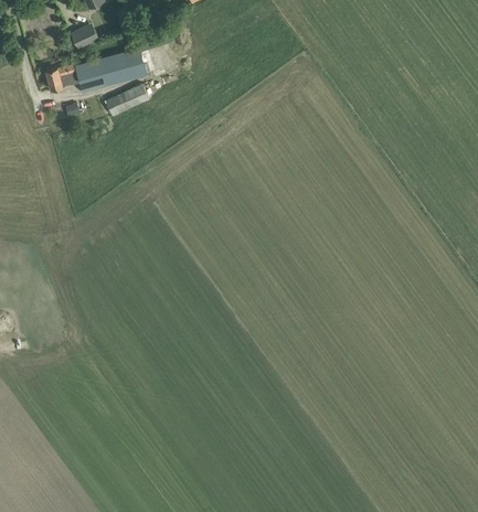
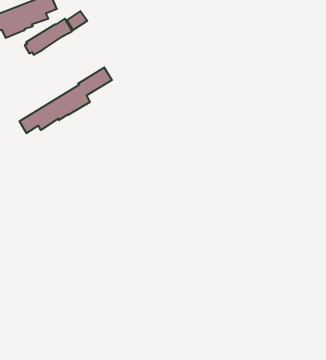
building: none -> [20,67,112,133]

